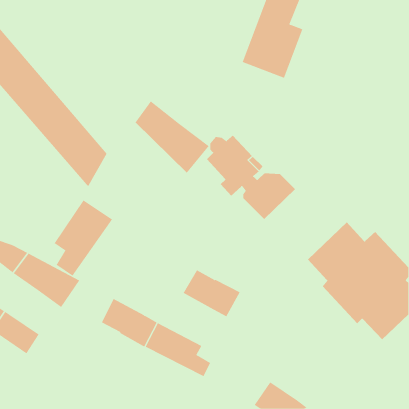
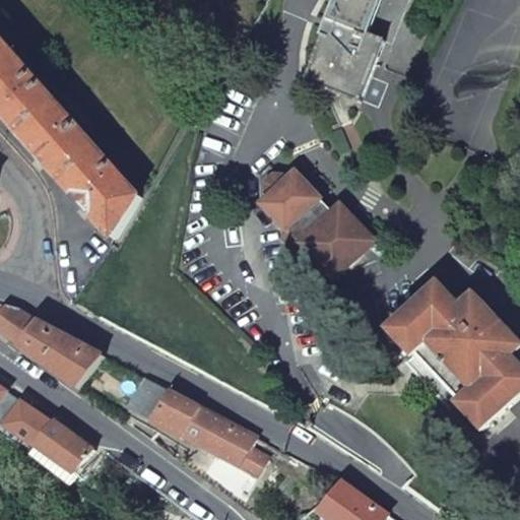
building: [135,100,209,174] -> none
building: [54,199,113,276] -> none
building: [183,269,241,317] -> none
building: none -> [27,417,92,483]

